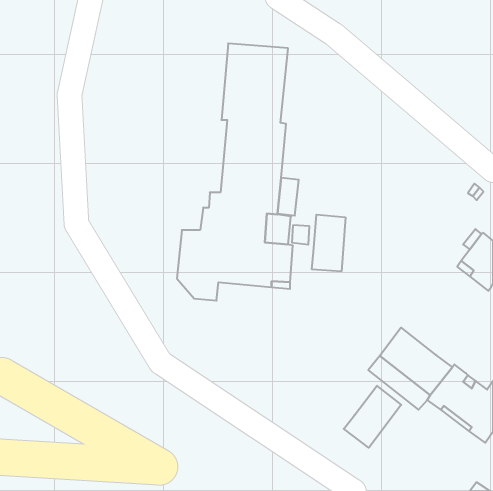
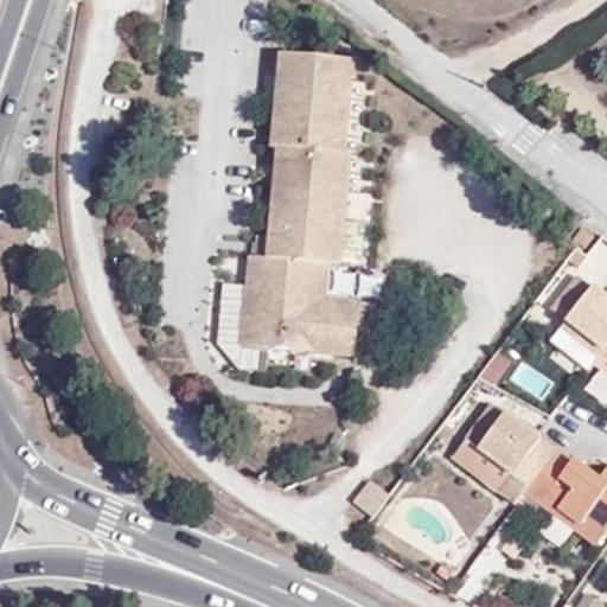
building: [312,215,345,271] -> none
building: [344,386,401,448] -> none

